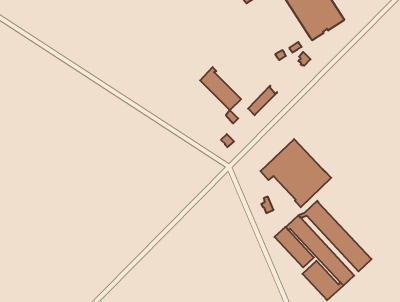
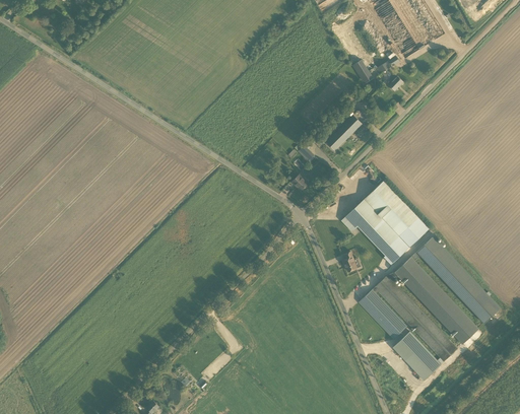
building: [200,67,241,110] -> none
building: none -> [410,236,500,323]

